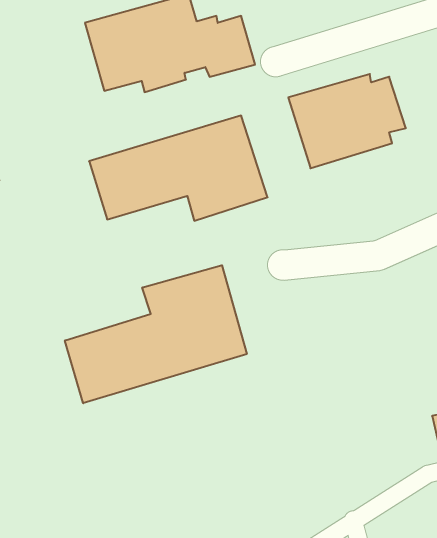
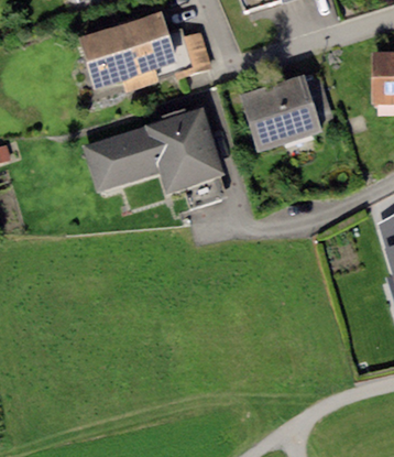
building: [65,265,247,403] -> none

